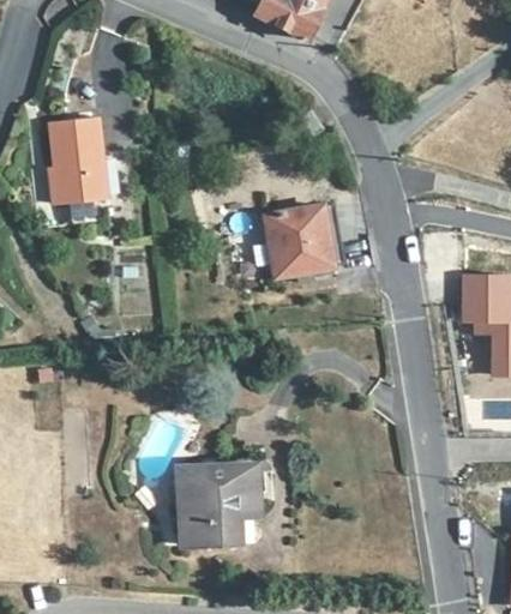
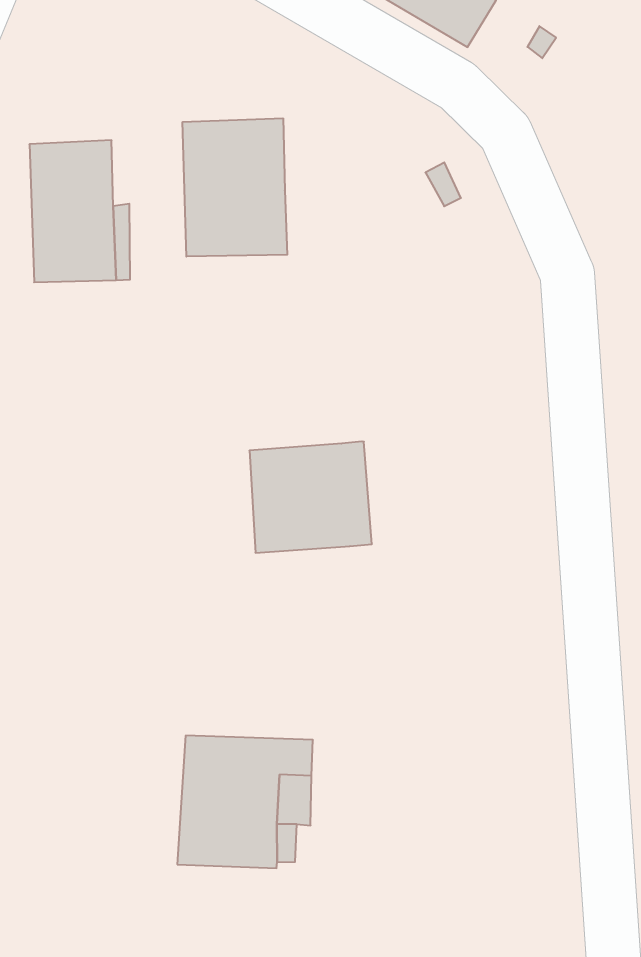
building: none -> [183,118,287,257]
building: [265,205,344,278] -> [249,441,372,553]

